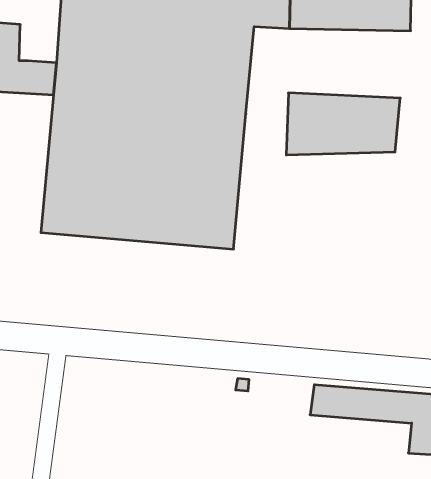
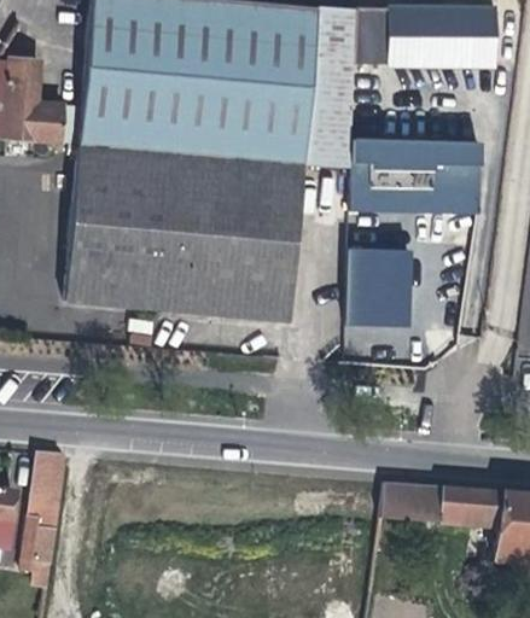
building: none -> [302,62,353,164]
building: none -> [348,249,415,328]
building: none -> [22,451,65,556]

